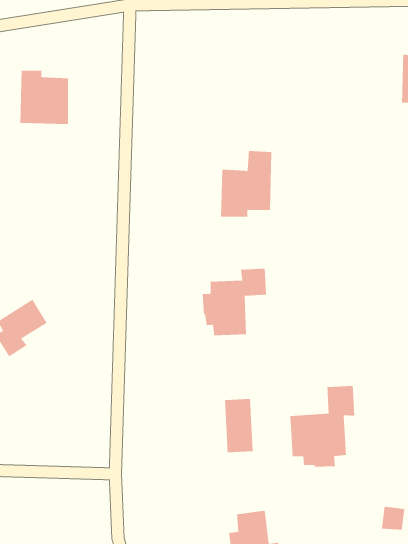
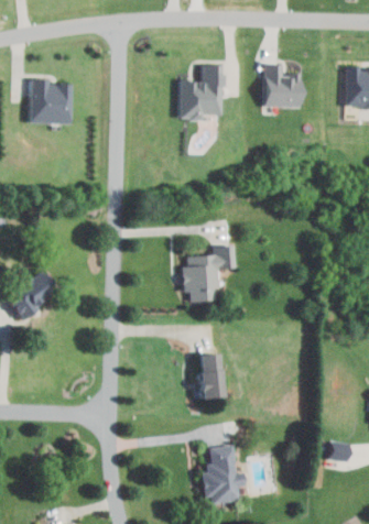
building: none -> [264,65,302,109]
building: [220,151,272,217] -> [180,66,223,121]
building: [290,385,355,468] -> none

